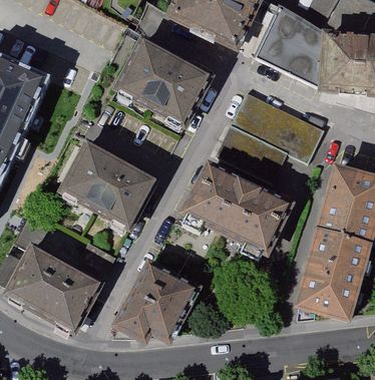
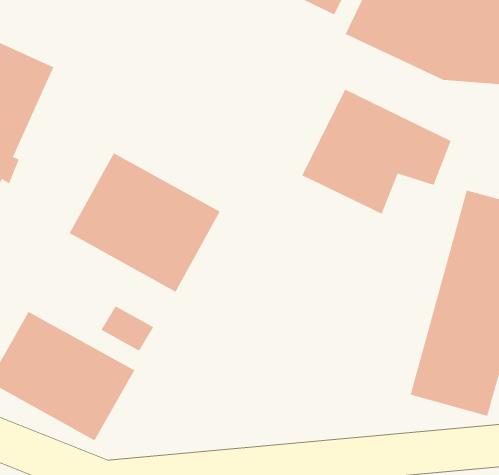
building: [114,37,219,133] -> none
building: [182,150,301,255] -> none
building: [113,258,201,342] -> none

